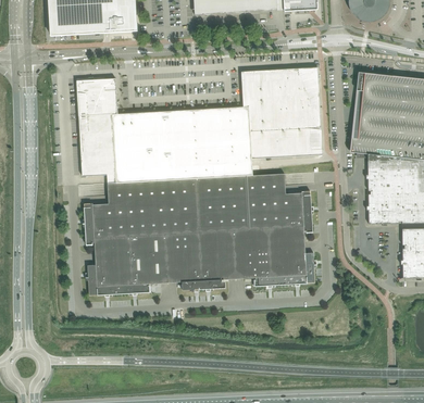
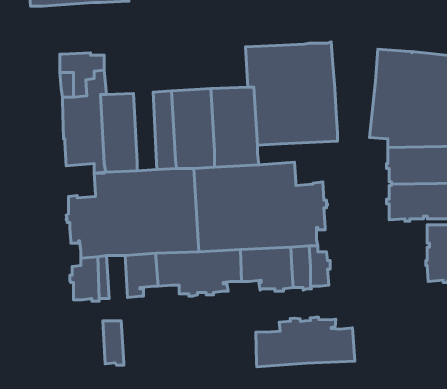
building: [141,110,162,179] -> none
building: [117,254,136,293] -> [103,321,124,365]
building: none -> [256,317,355,367]

